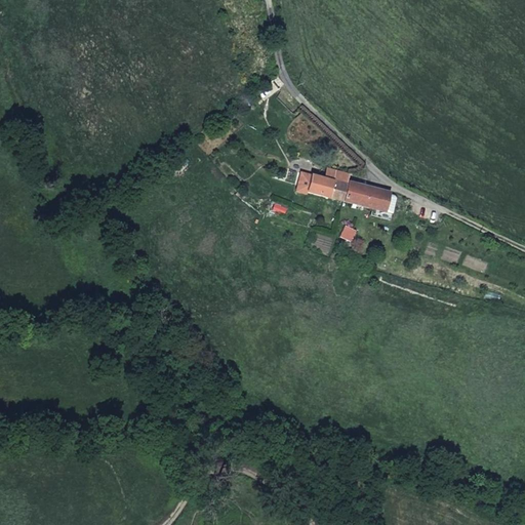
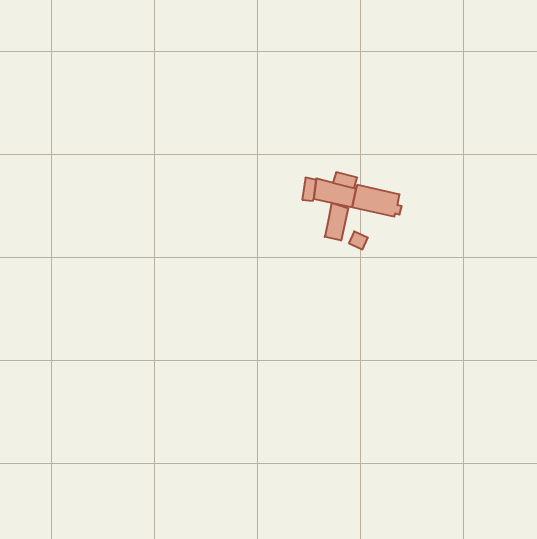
building: none -> [325,203,348,241]

